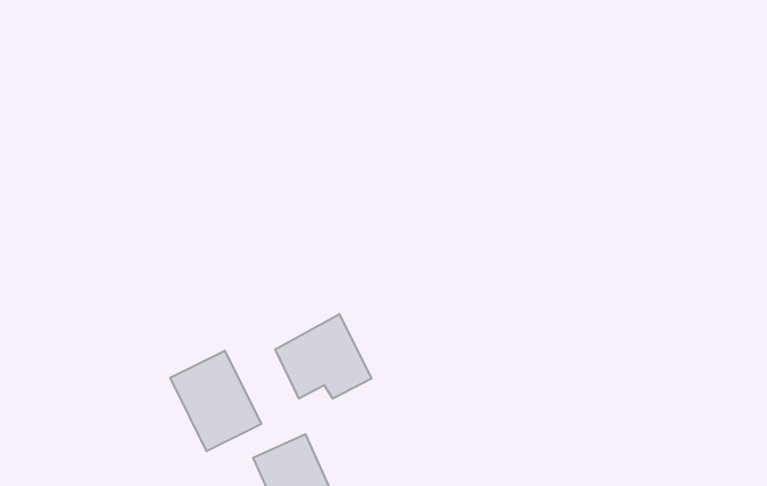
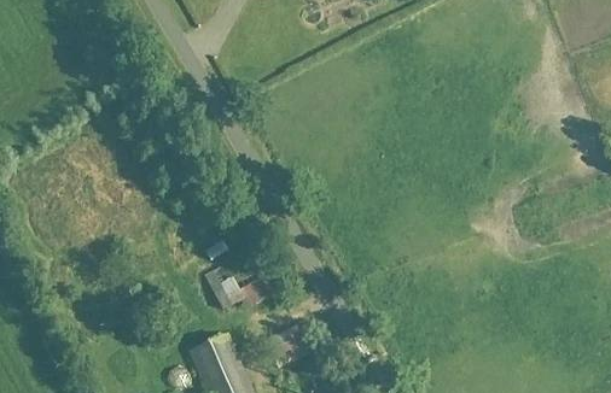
building: [170,351,261,451] -> none

